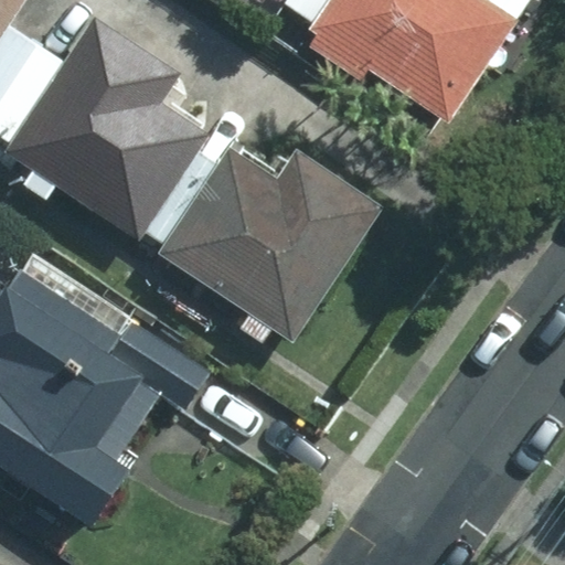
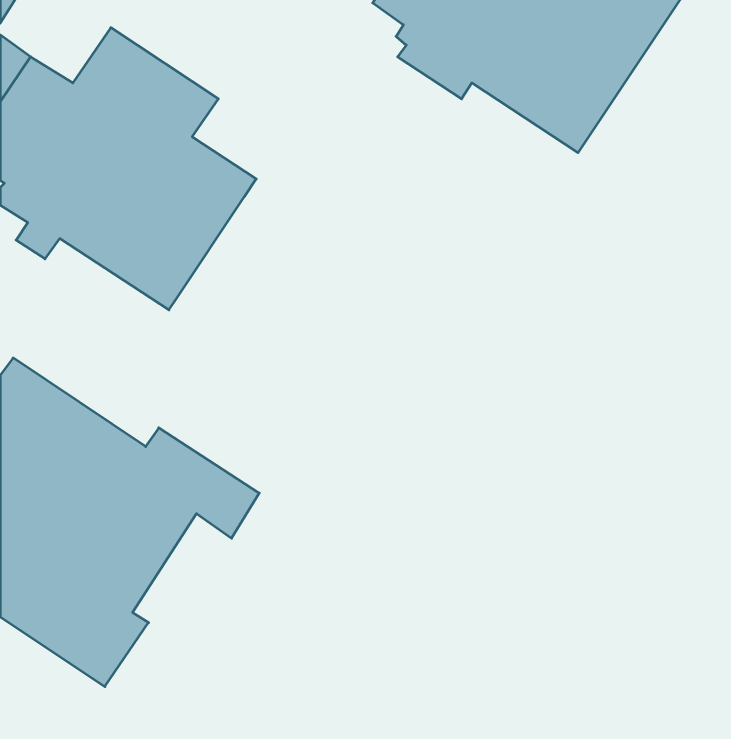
building: [142,149,375,337] -> none

